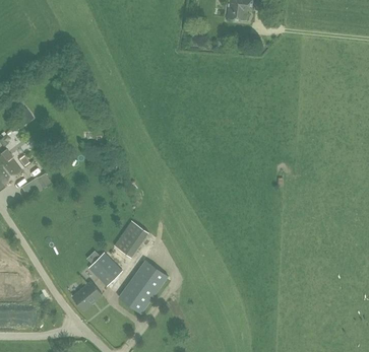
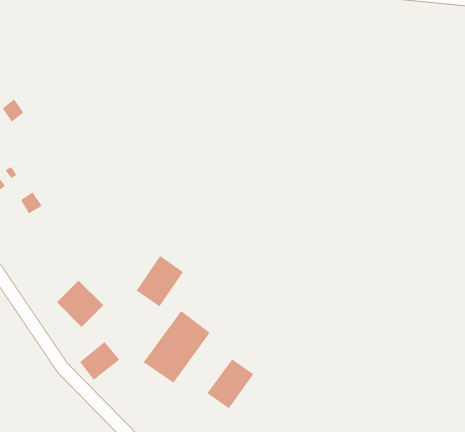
building: [88,252,123,286] -> [56,280,104,328]
building: none -> [207,359,254,409]

